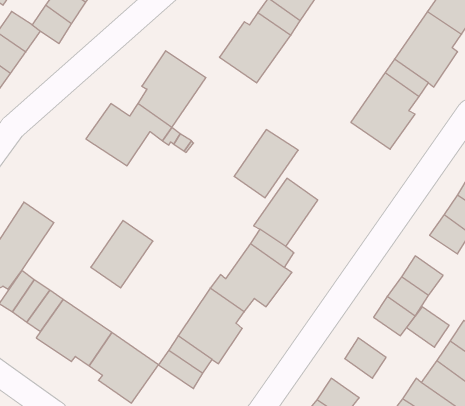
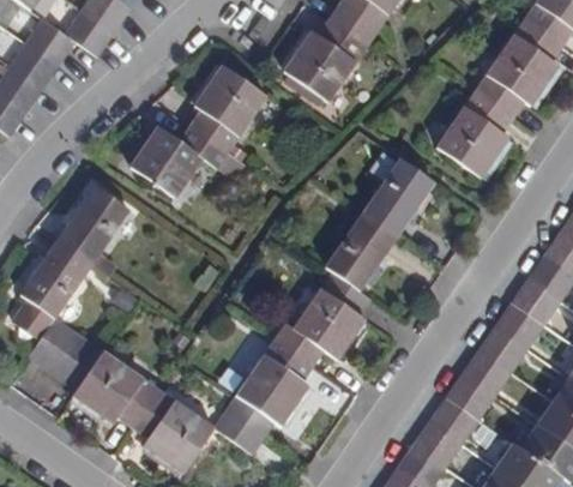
building: [234,130,298,198] -> [362,157,436,236]
building: [91,220,153,288] -> [58,185,129,263]
building: none -> [511,277,560,324]
building: [407,307,449,347] -> [445,372,494,419]
building: none -> [414,420,462,465]

